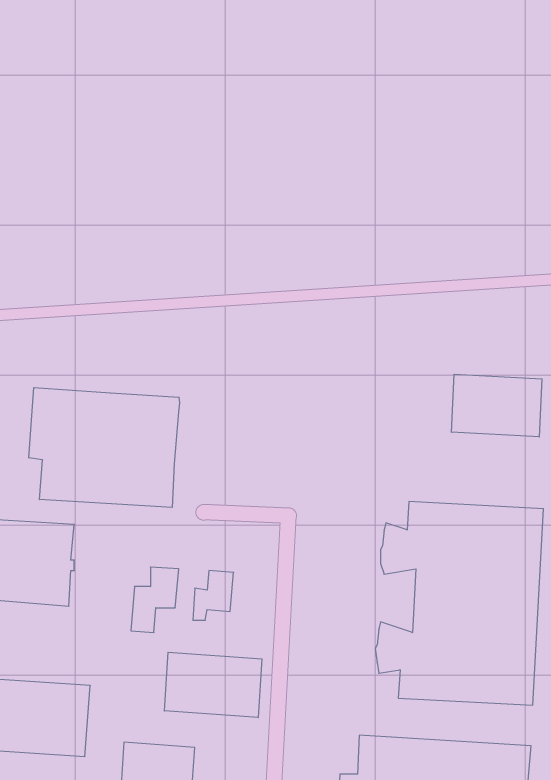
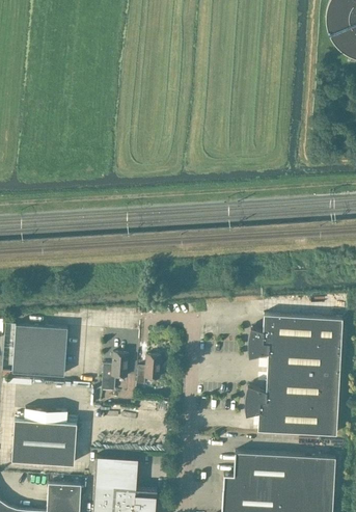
building: [451,374,542,437] -> none
building: [29,388,180,507] -> none
building: [164,652,262,718] -> none

